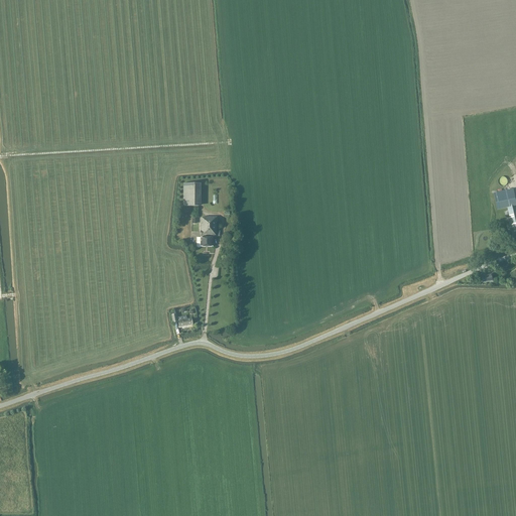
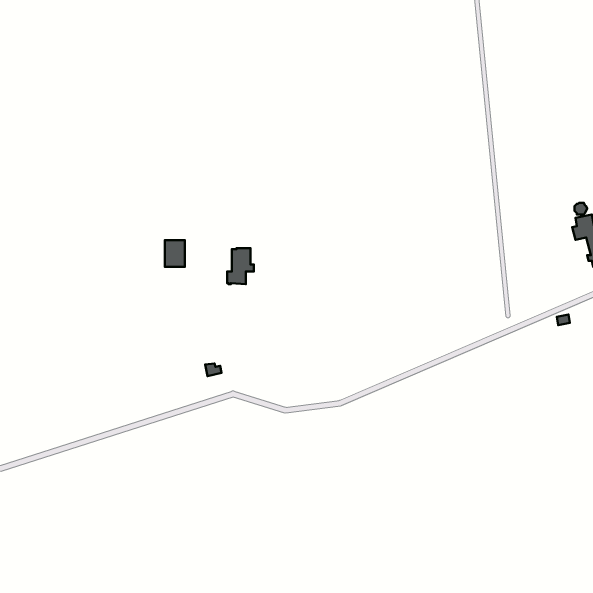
building: [185,181,203,205] -> [165,240,185,267]

